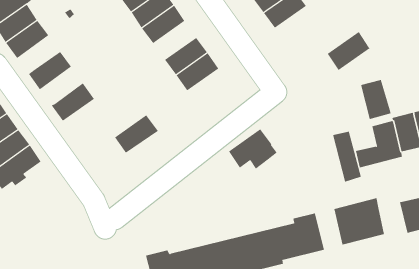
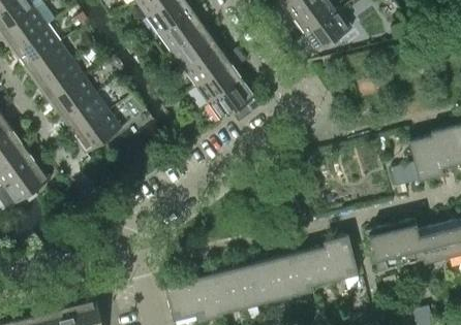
building: none -> [171,27,218,69]
building: [327,31,370,71] -> [303,10,350,54]
building: none -> [23,42,70,85]
building: none -> [48,76,95,119]
building: [360,79,391,120] -> none
building: [114,115,159,153] -> [72,111,121,154]
building: [228,129,278,169] -> [208,78,262,123]
building: [332,131,362,183] -> none
building: none -> [417,224,447,264]

